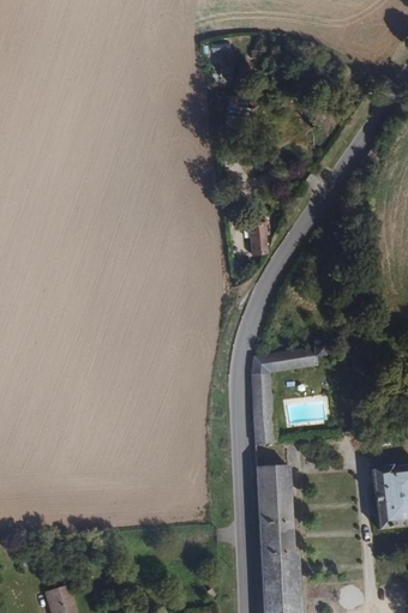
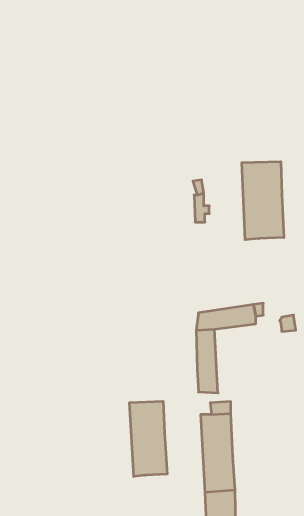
building: none -> [242,162,284,240]
building: none -> [130,401,167,477]

